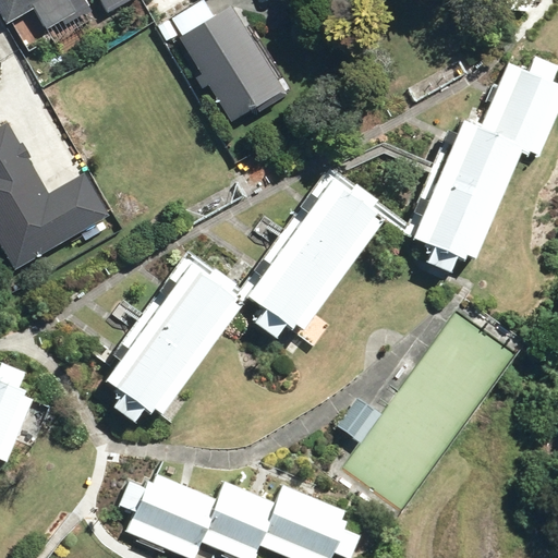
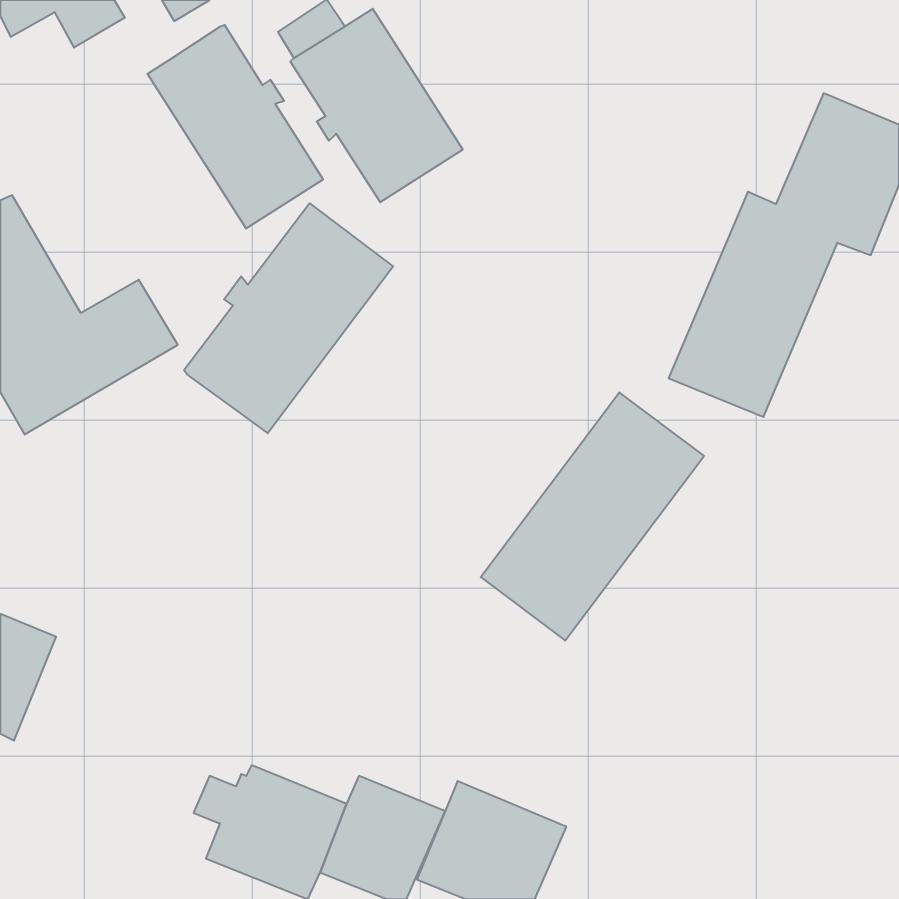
building: none -> [147,25,323,229]
building: none -> [184,203,393,433]
building: [245,177,384,330] -> [481,392,704,641]
building: [107,264,244,416] -> none

